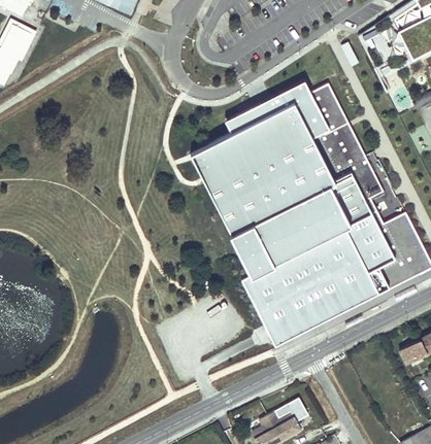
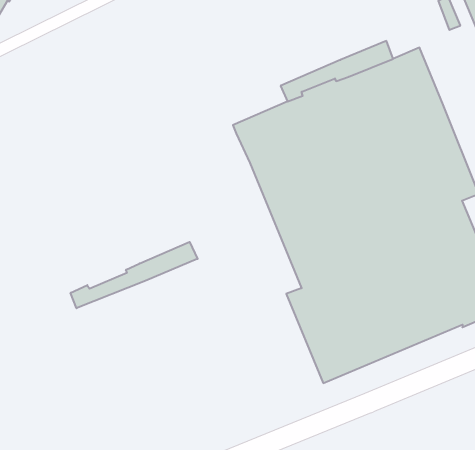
building: none -> [71,242,198,308]

